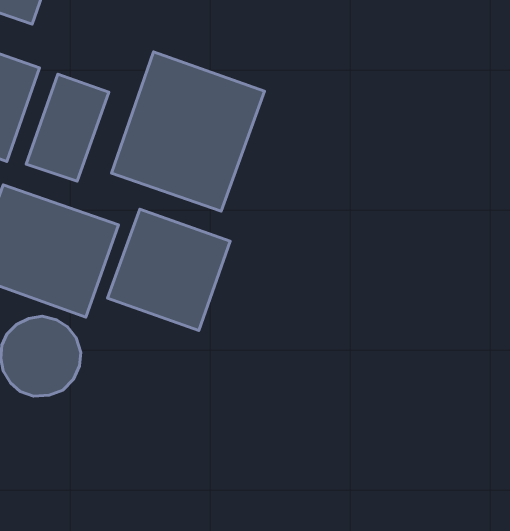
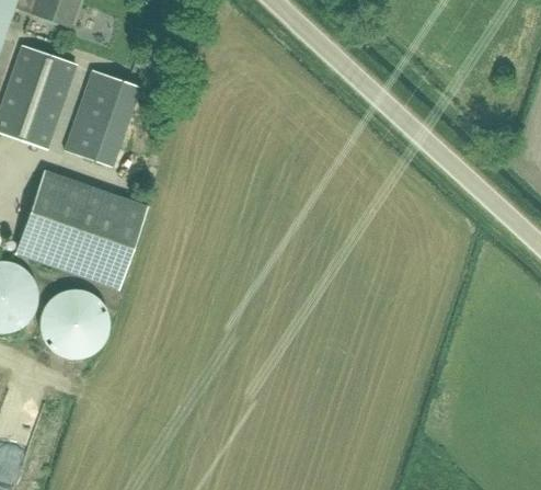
building: [111,52,265,211] -> none
building: [107,209,230,331] -> none

